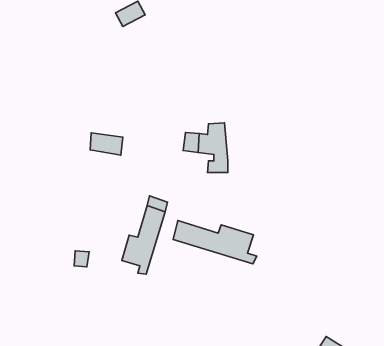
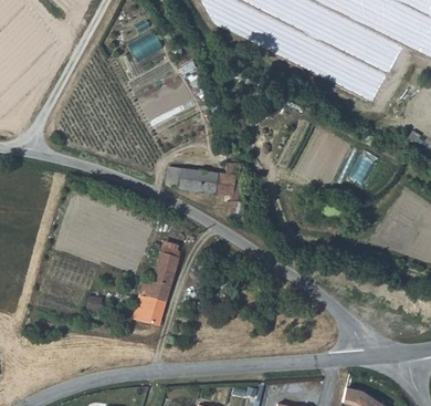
building: [90,133,123,155] -> [167,167,201,190]
building: [173,221,257,264] -> none

